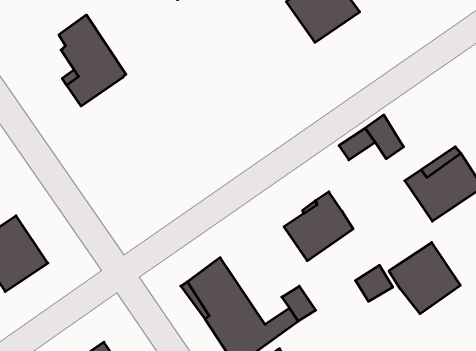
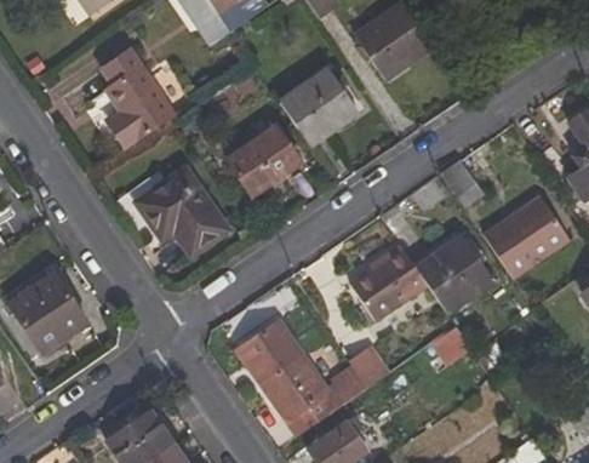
building: none -> [280,68,358,147]
building: none -> [225,126,301,196]
building: none -> [139,166,229,257]
building: [389,242,460,314] -> [414,235,493,314]

